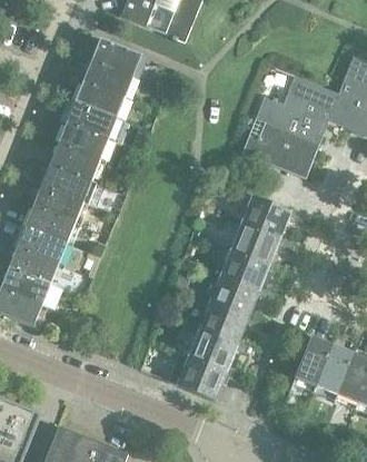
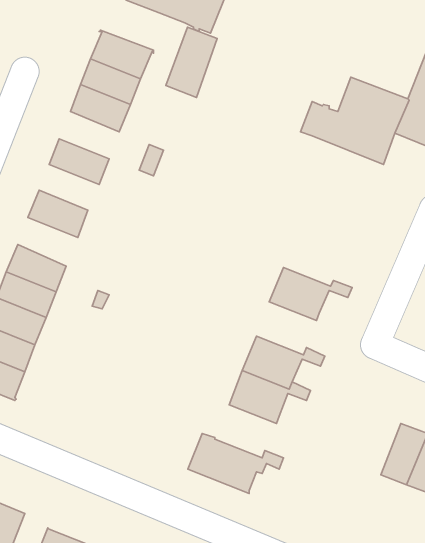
building: none -> [166,27,217,98]
building: [67,102,113,139] -> none
building: [240,121,319,178] -> none
building: [51,144,98,179] -> none
building: [34,185,81,223] -> none
building: [241,196,306,238] -> none
building: [220,250,284,292] -> none
building: [188,331,252,372] -> none
building: [294,335,333,385] -> none

